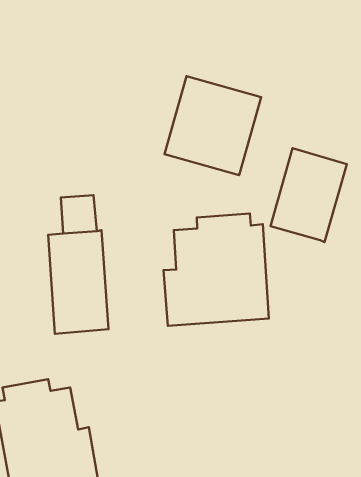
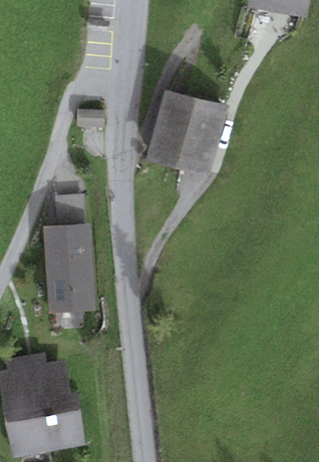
building: [271,148,347,242] -> none
building: [164,214,269,326] -> none

